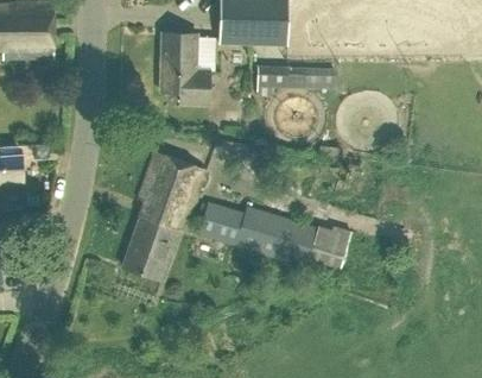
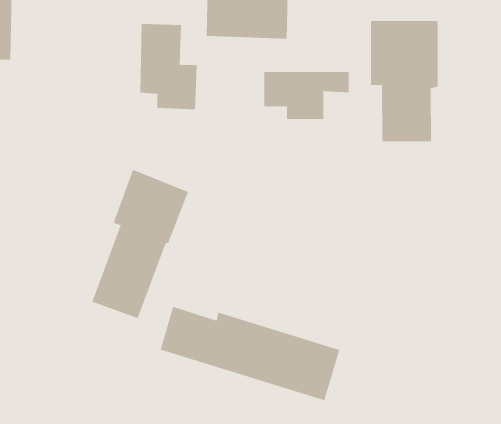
building: none -> [371,20,438,142]
building: [197,197,349,277] -> [160,306,340,401]

